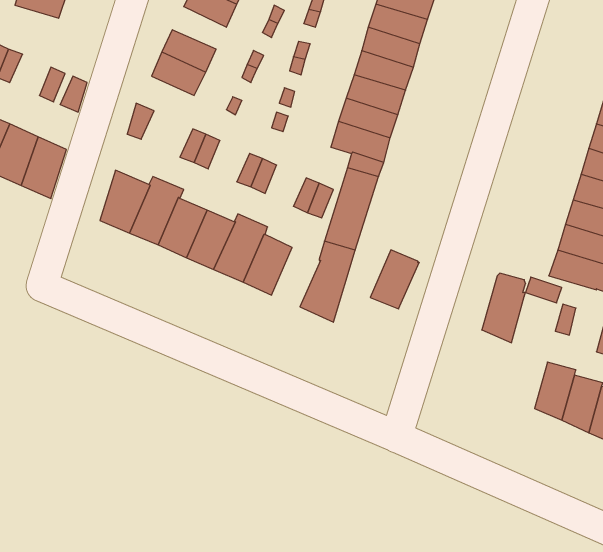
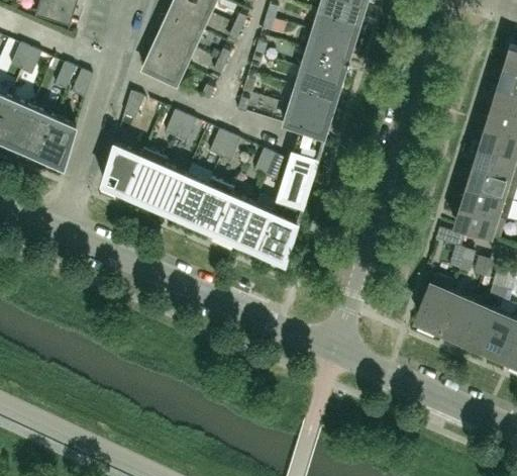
building: none -> [159,16,201,50]
building: [370,250,419,309] -> [236,205,275,252]
building: [482,273,526,343] -> [419,277,453,331]

